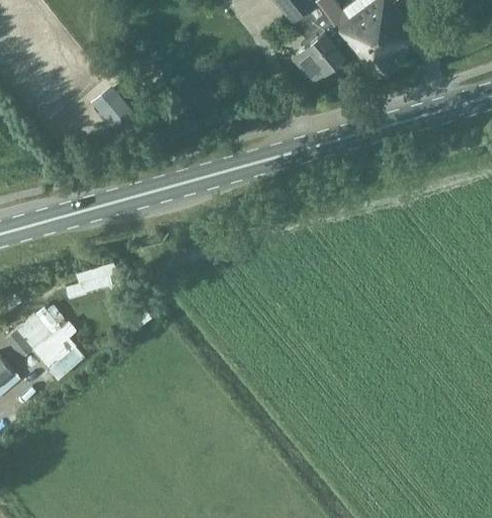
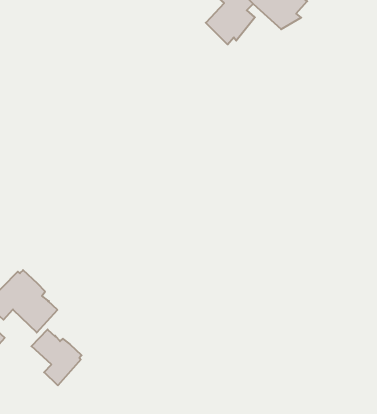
building: [95,89,137,133] -> none
building: none -> [31,329,82,385]

